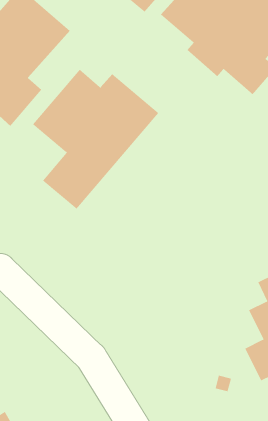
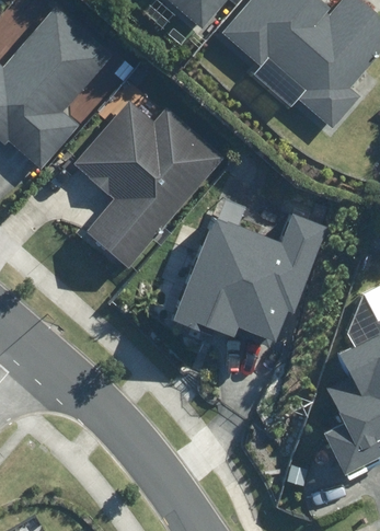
building: none -> [172,215,330,348]

